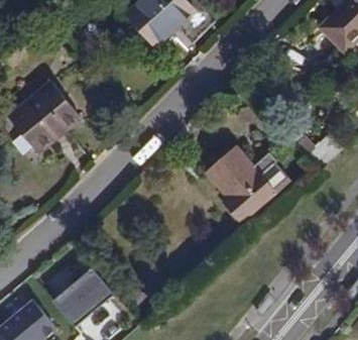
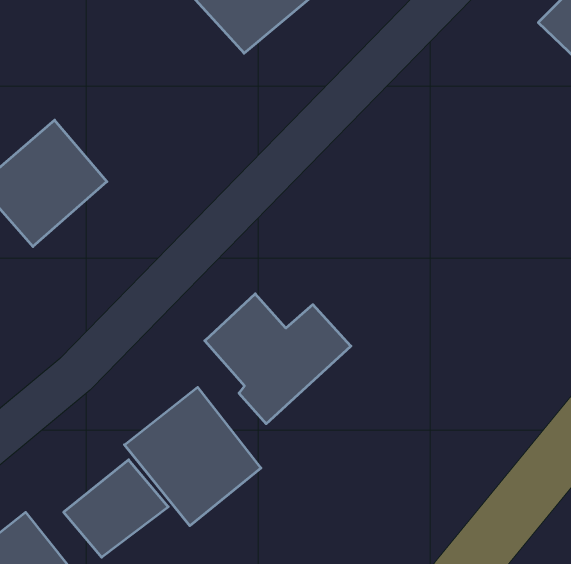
building: [207,148,288,221] -> [205,294,351,424]
building: none -> [124,387,261,526]

